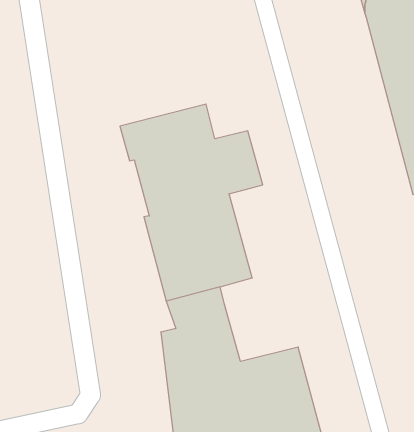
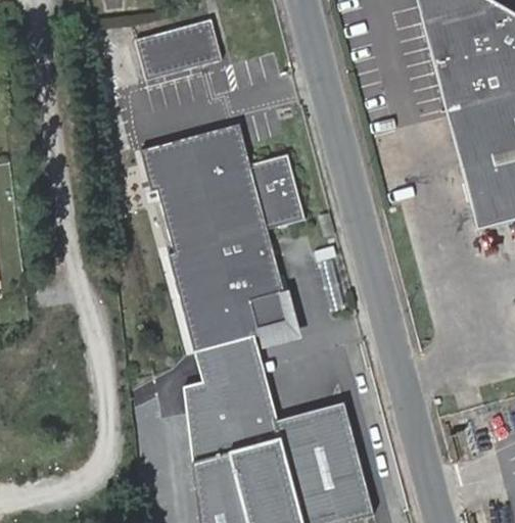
building: none -> [137,19,222,79]

